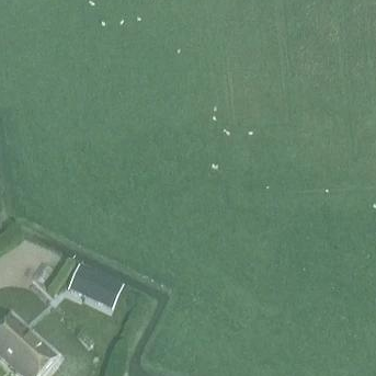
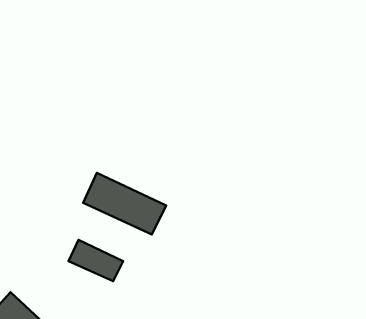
building: none -> [83,173,166,235]

